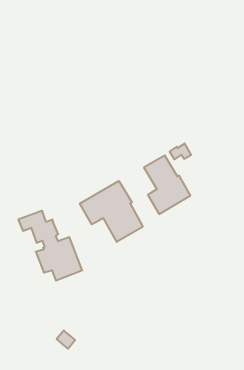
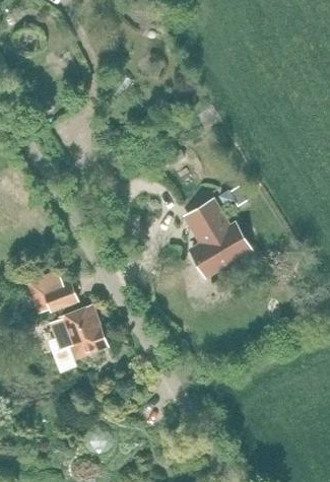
building: [80,181,143,242] -> none

